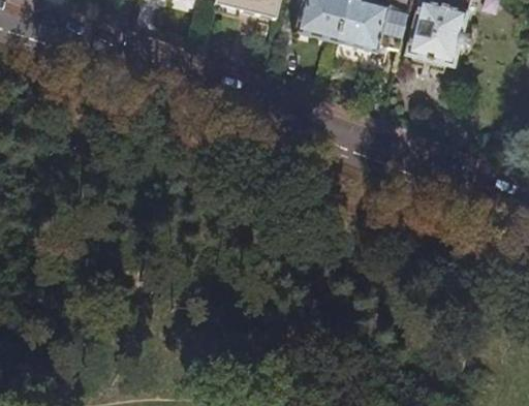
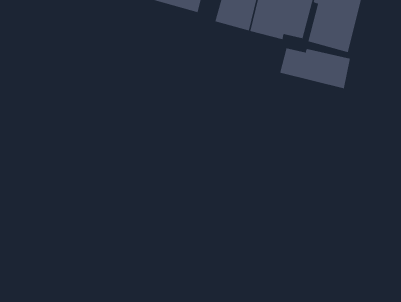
building: none -> [279,47,351,89]

